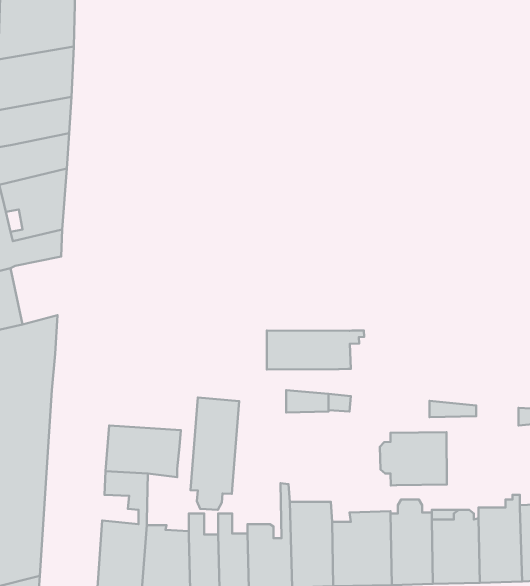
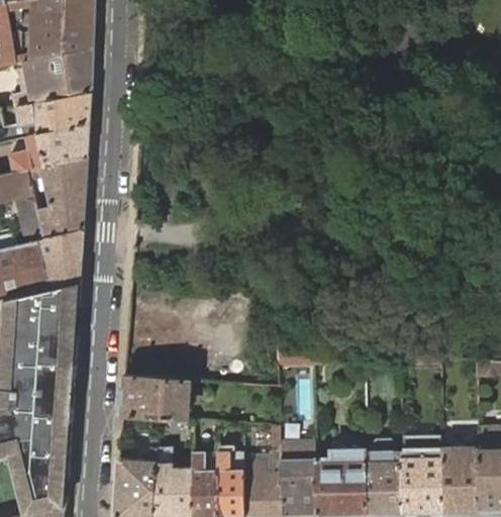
building: none -> [37,232,81,291]
building: [267,330,364,370] -> none
building: [191,397,239,510] -> none
building: [380,432,447,485] -> none

